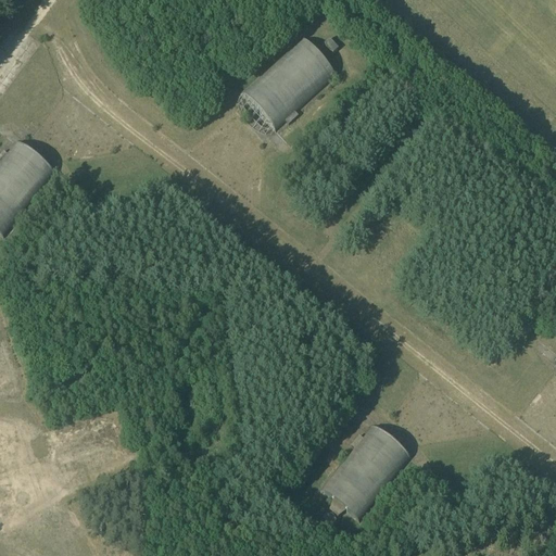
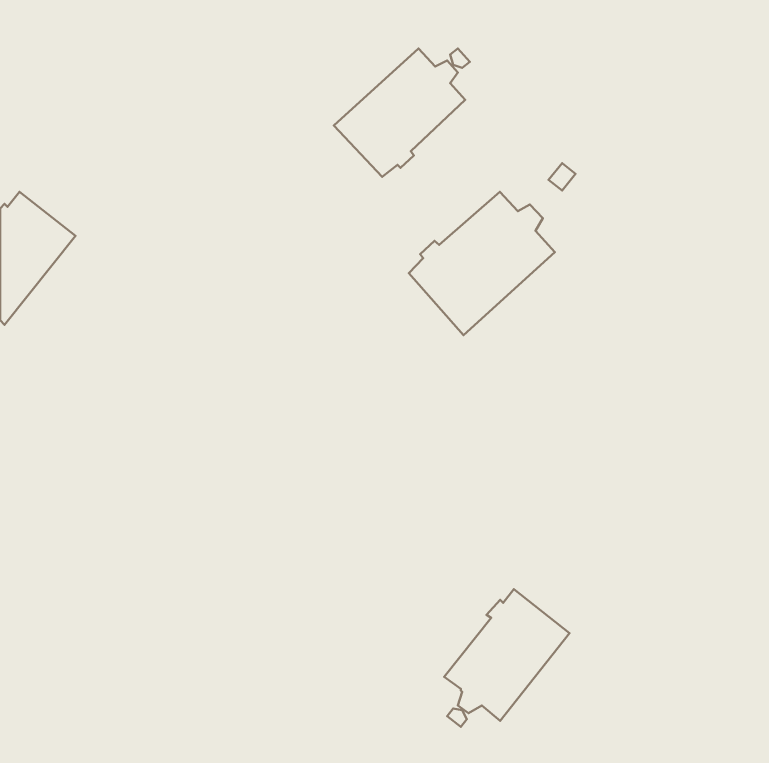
building: none -> [409,192,555,335]

